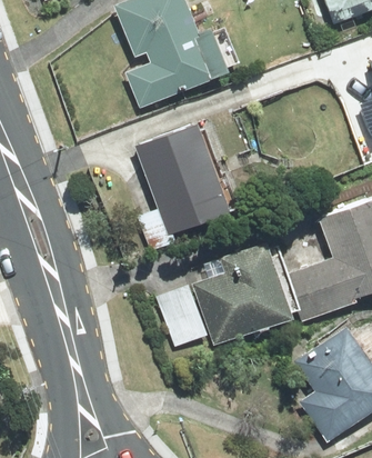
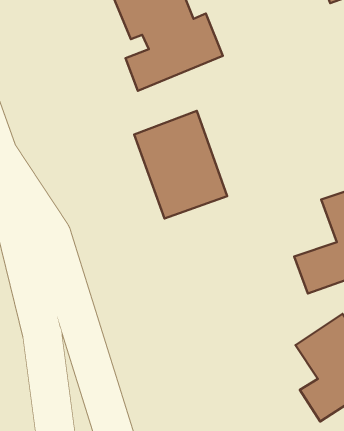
building: [193,241,295,341] -> none
building: [153,286,204,348] -> none

